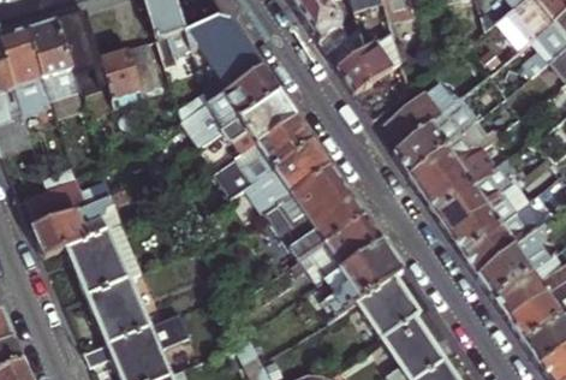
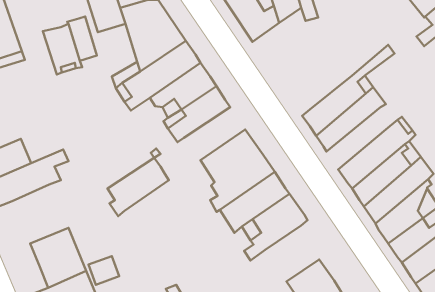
building: [339,28,399,91] -> none
building: [389,91,452,143] -> none
building: [261,141,330,207] -> [108,158,169,216]
building: [423,141,490,212] -> none
building: [66,228,130,296] -> none
building: [353,275,418,339] -> none

